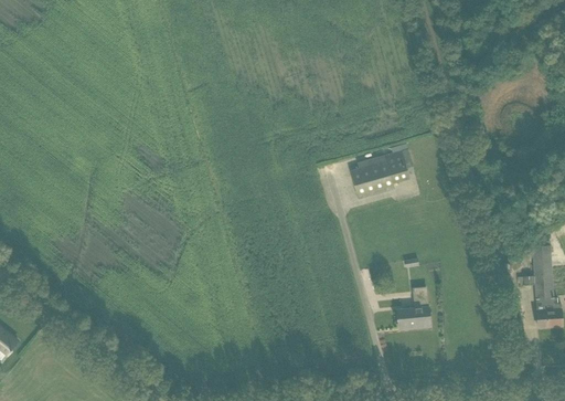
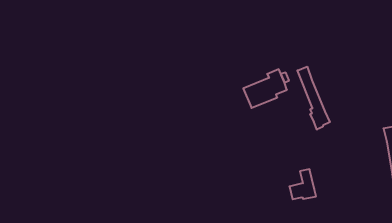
building: none -> [297,67,330,130]

